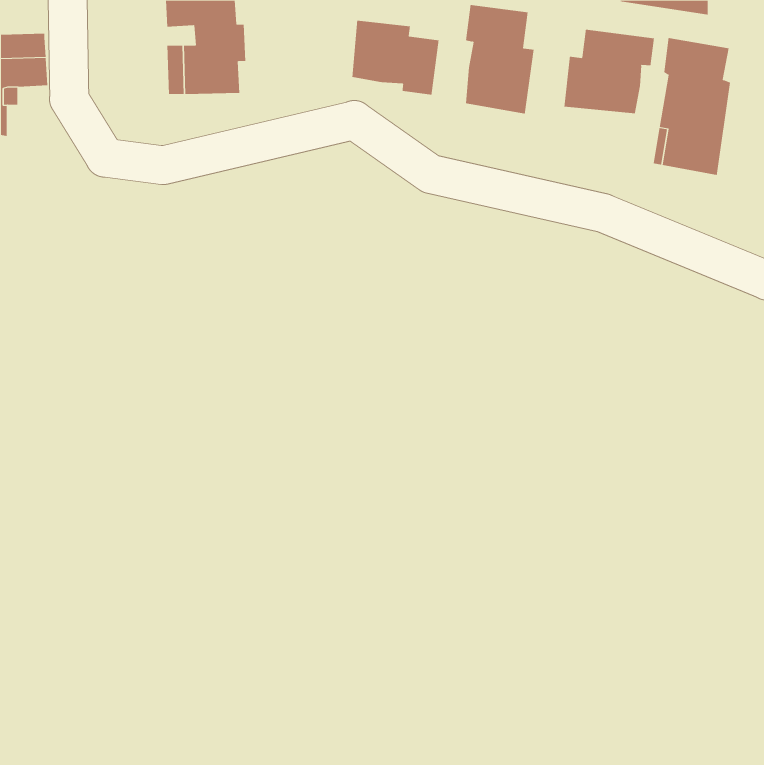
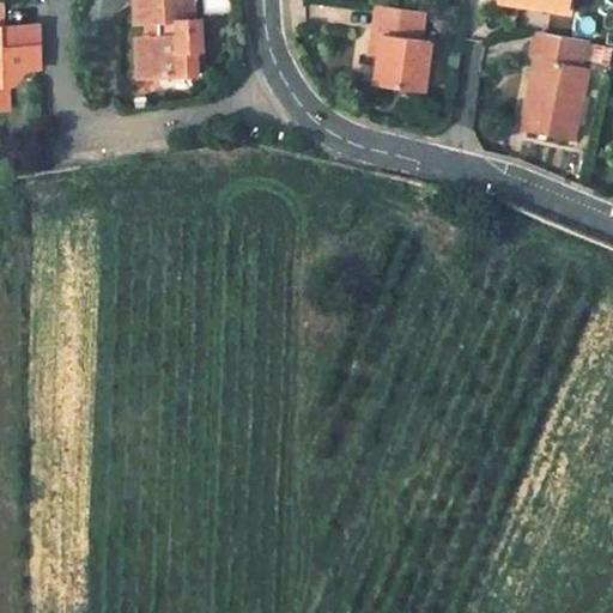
building: [352,20,439,95] -> none
building: [564,29,655,114] -> none

